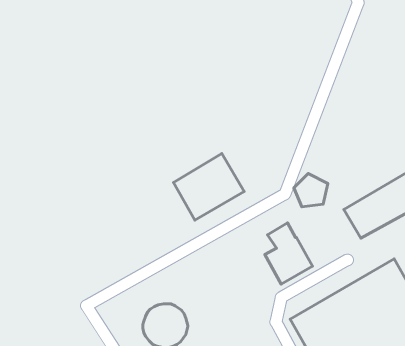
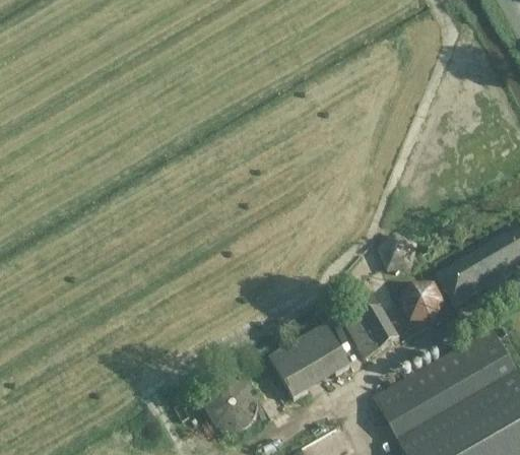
building: [173,154,244,220] -> [270,322,350,397]
building: none -> [397,273,450,327]

